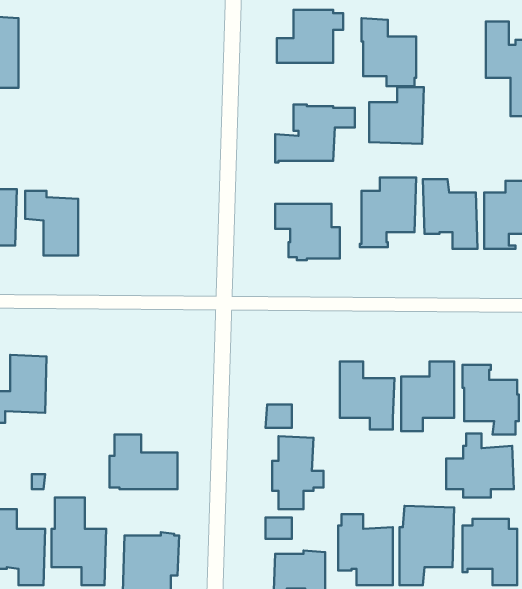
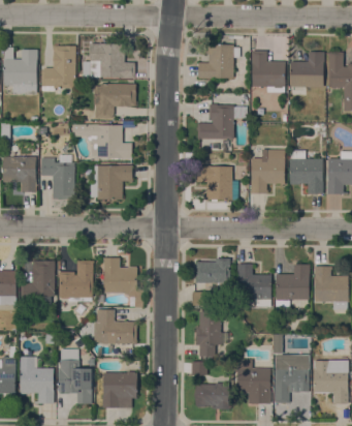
building: none -> [90,43,135,78]
building: none -> [41,45,75,90]
building: none -> [93,83,135,118]
building: [369,87,424,144] -> [290,52,324,87]
building: none -> [85,124,132,158]
building: none -> [90,164,132,199]
building: none -> [103,256,142,306]
building: none -> [196,257,230,291]
building: none -> [58,260,94,298]
building: [446,434,514,497] -> none

